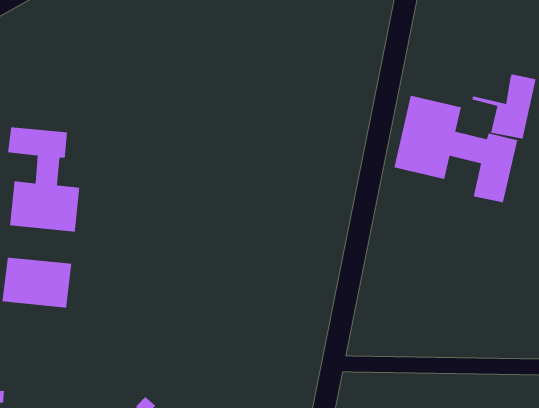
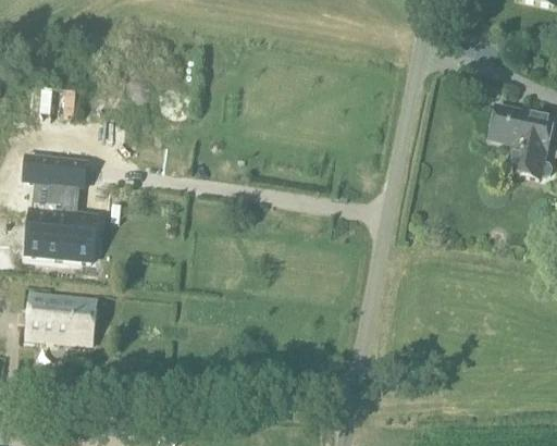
building: none -> [488,102,527,139]
building: [394,95,518,203] -> none

